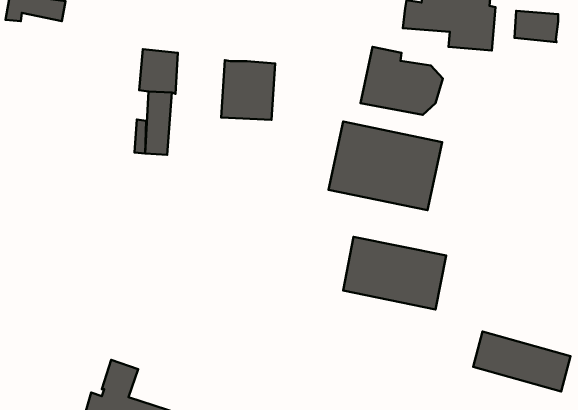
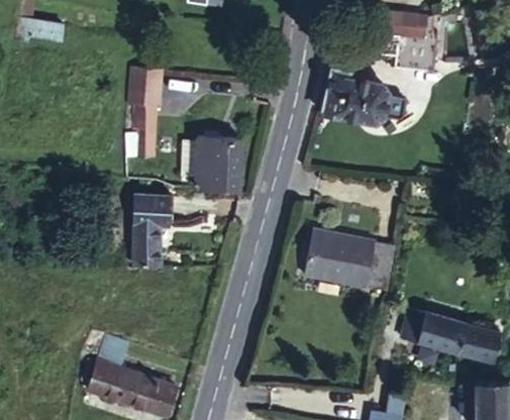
building: [514,11,558,42] -> none
building: [221,60,275,120] -> [195,138,241,190]
building: [329,121,442,210] -> none
building: none -> [132,195,170,268]

